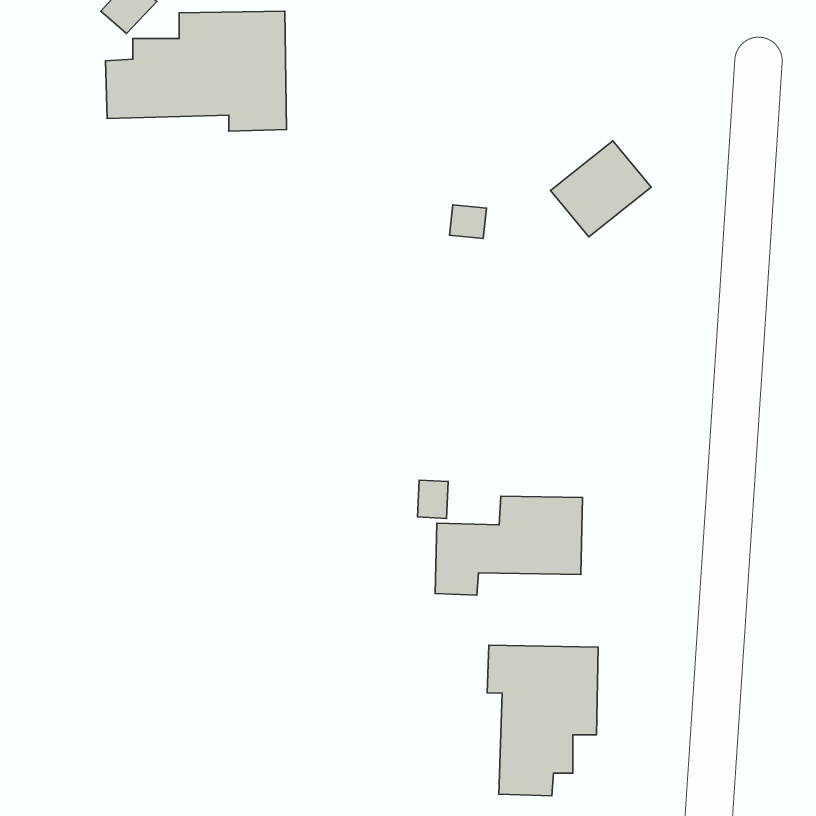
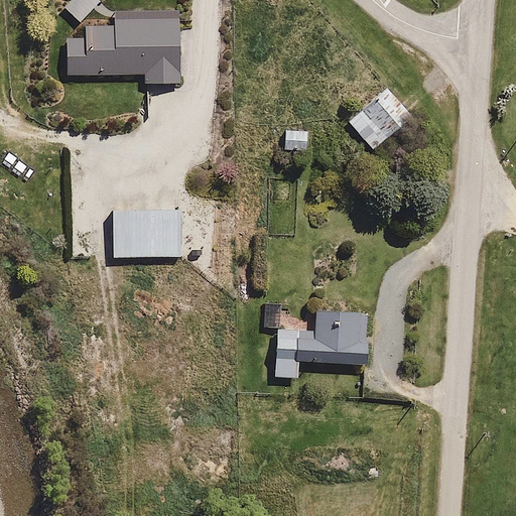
building: none -> [115,211,180,258]
building: [487,645,598,796] -> none

